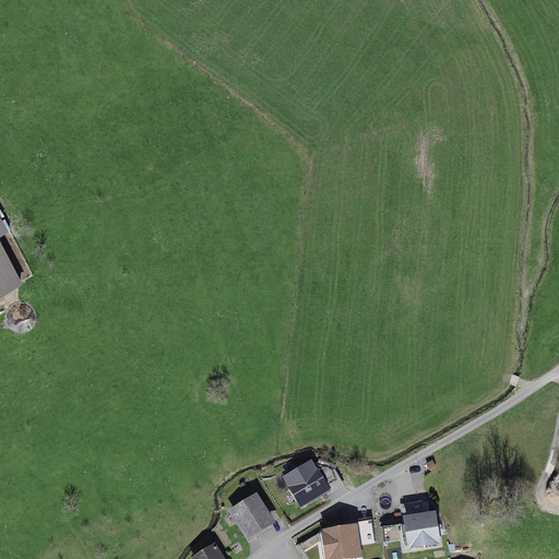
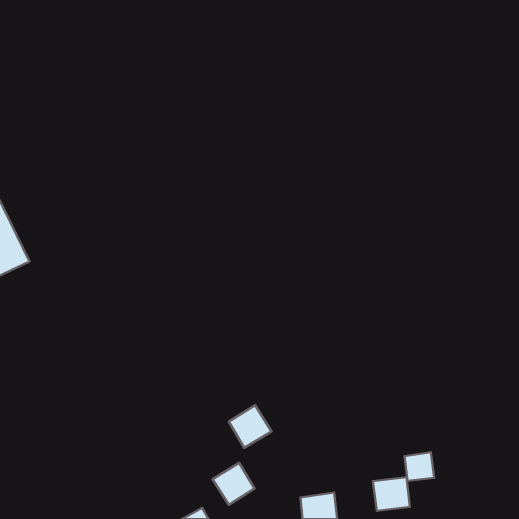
building: [282,462,328,508] -> [229,405,272,448]
building: none -> [404,452,434,481]

